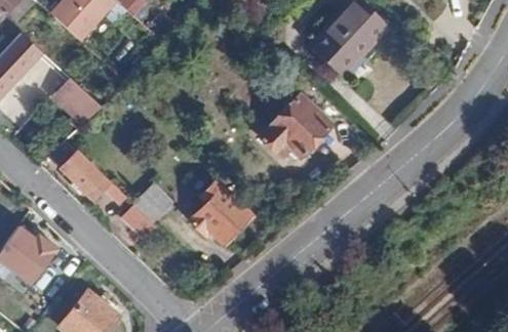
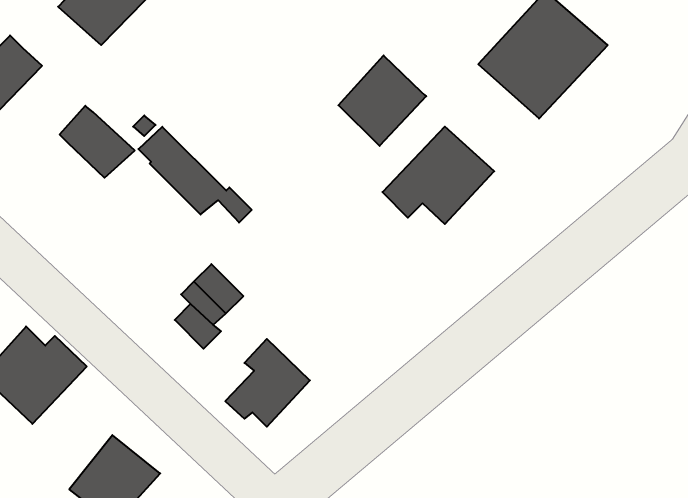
building: none -> [338,55,426,146]
building: [50,142,123,204] -> [138,127,252,223]
building: [192,184,246,241] -> [225,339,310,427]

